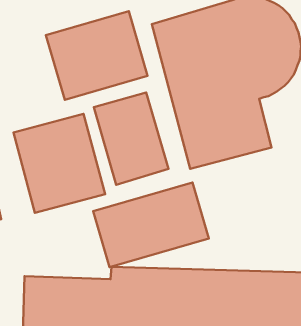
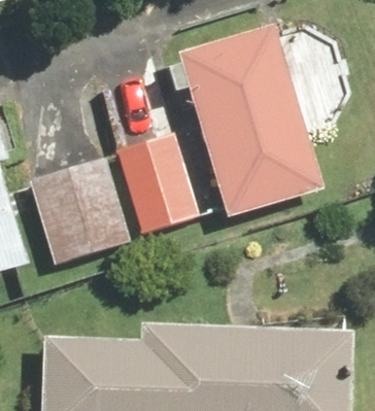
building: [46,11,148,100] -> none
building: [93,182,209,267] -> none

